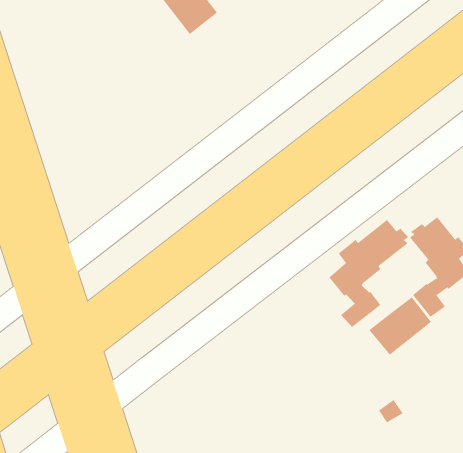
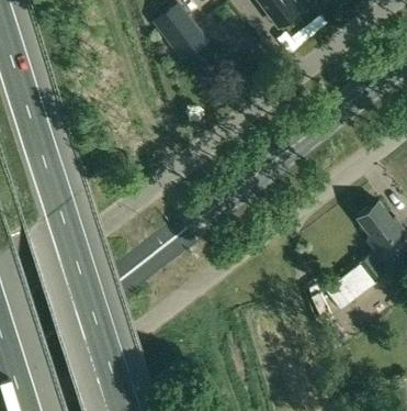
building: [329,219,409,328] -> none

